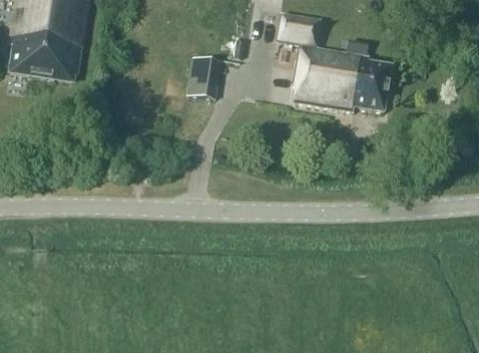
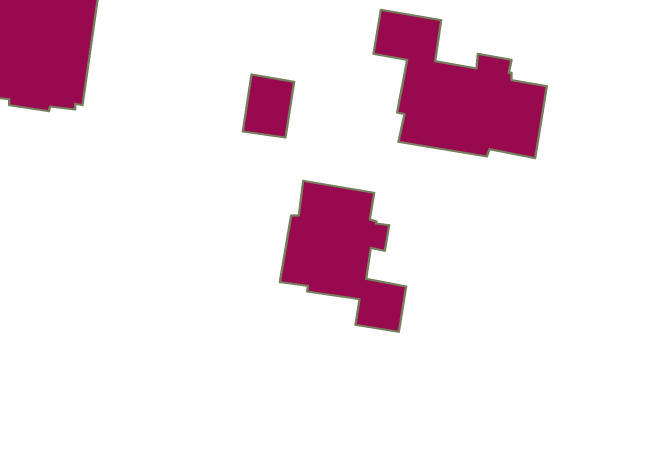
building: none -> [280,181,406,332]

